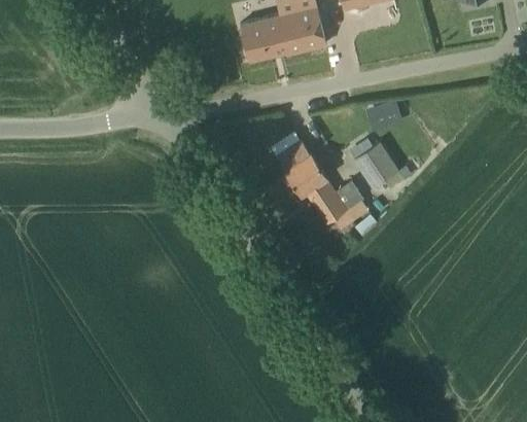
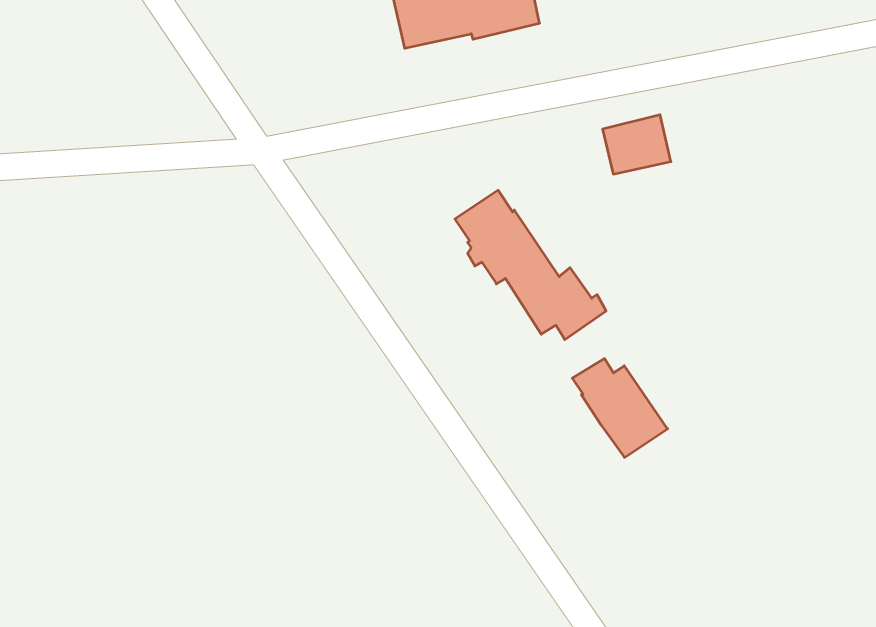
building: [349,138,403,195] -> [572,359,668,457]

